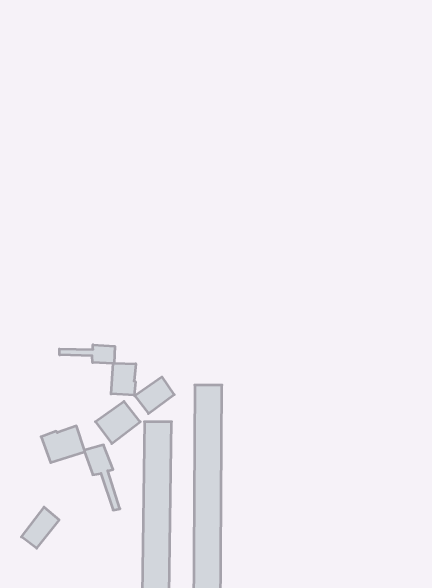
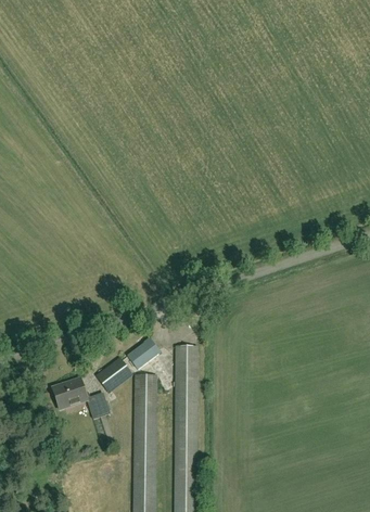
building: [59,345,136,395] -> none
building: [21,507,59,548] -> none

